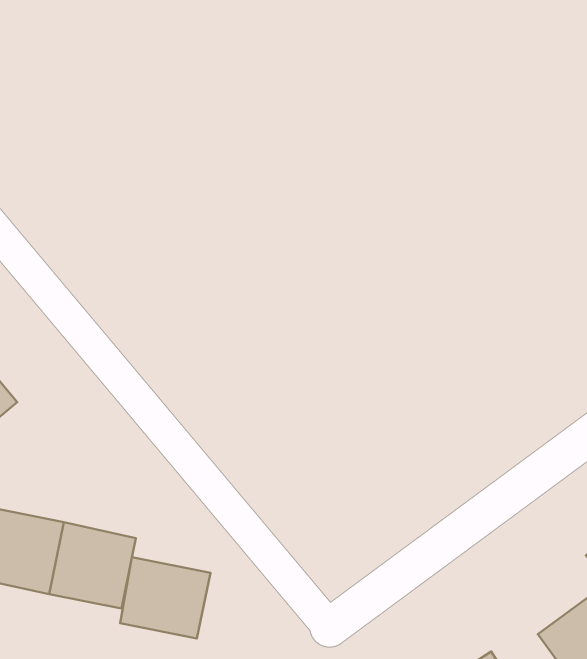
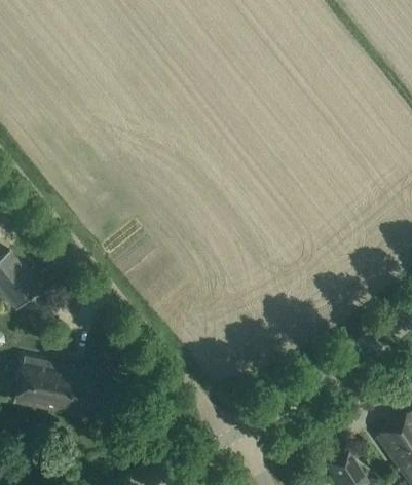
building: [120,557,210,638] -> none

